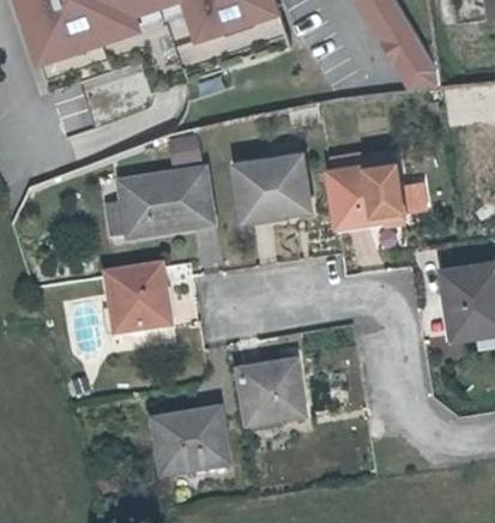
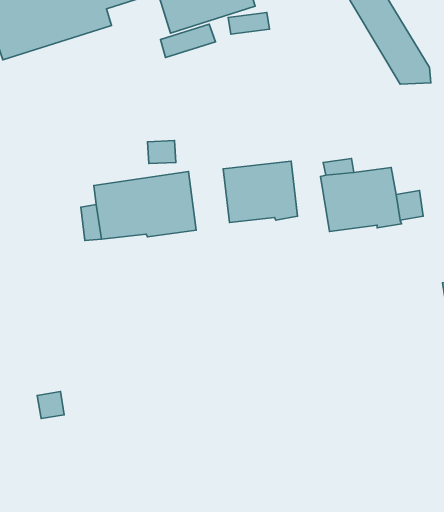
building: [110,266,167,330] -> none
building: [237,362,303,420] -> none
building: [155,410,225,475] -> none

